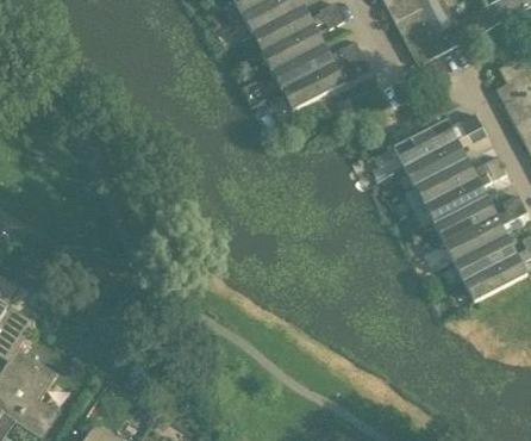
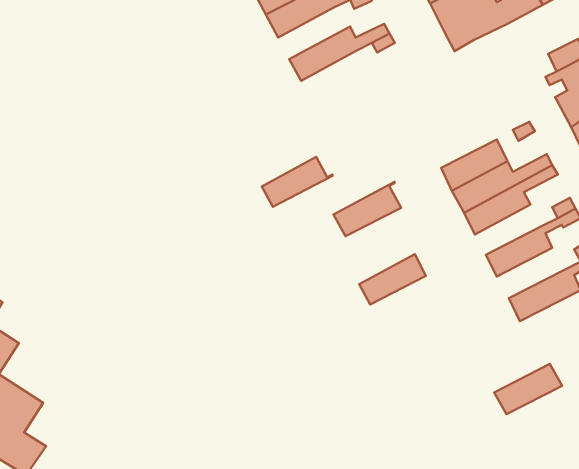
building: [263,26,321,72] -> none
building: [283,64,345,108] -> [262,157,333,207]
building: [395,119,455,167] -> [333,182,401,236]
building: [436,199,494,243] -> [359,254,426,304]
building: [455,237,514,281] -> [494,364,562,414]

